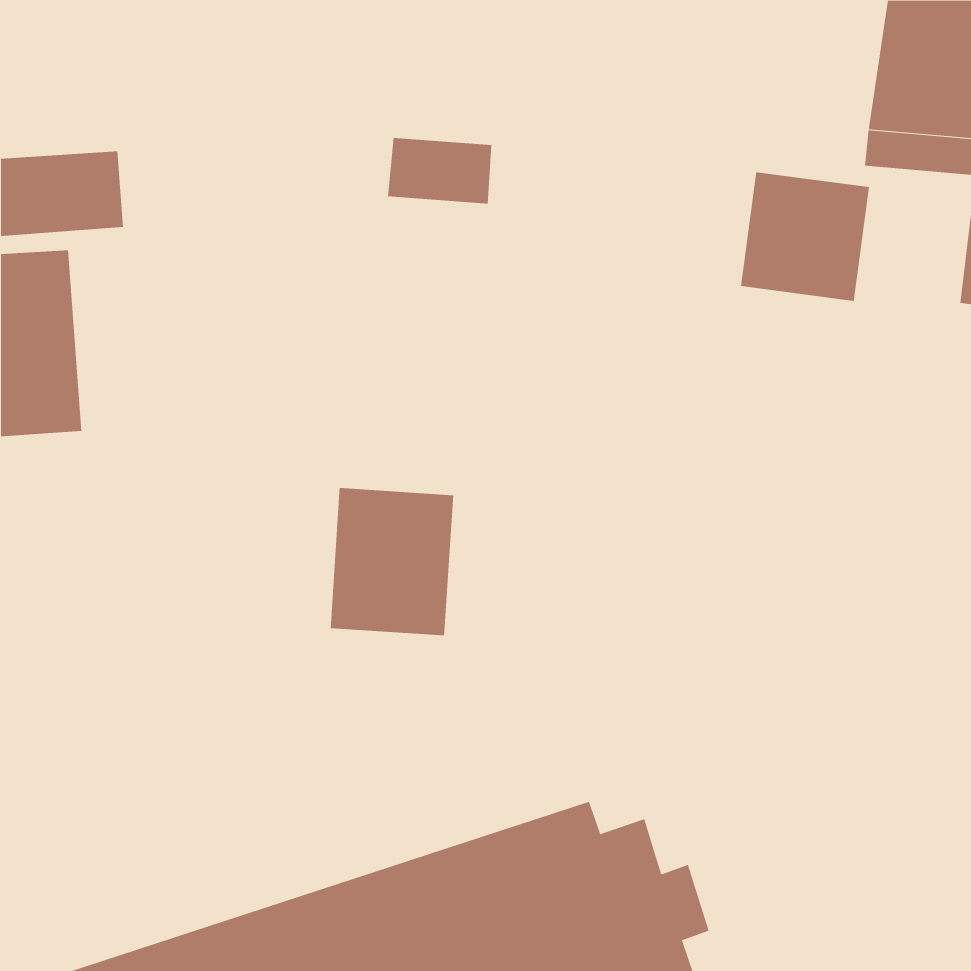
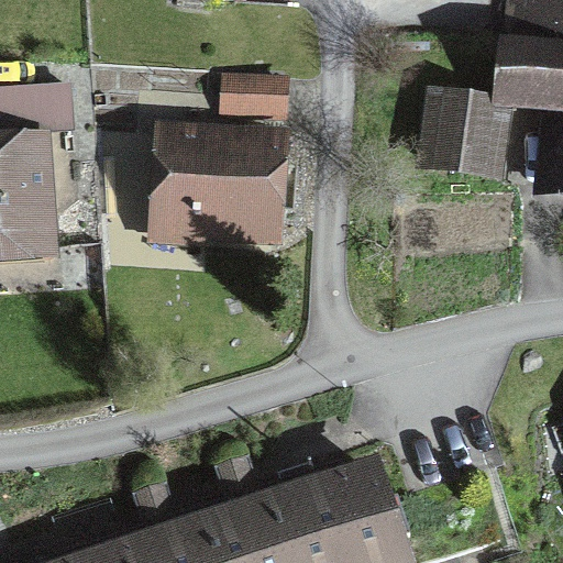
building: none -> [159,137,283,239]
building: [330,487,454,636] -> none

